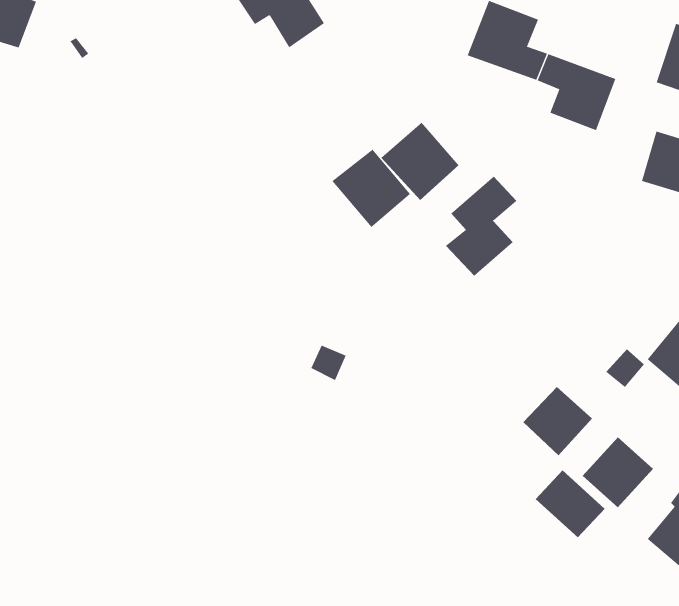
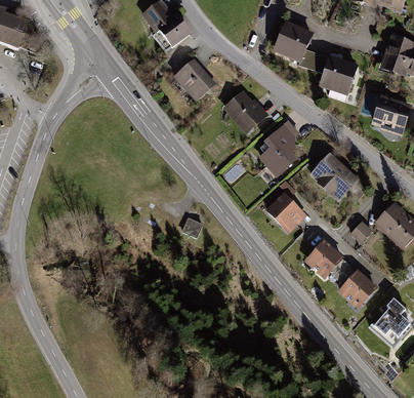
building: [332,149,411,228] -> [172,58,217,104]
building: none -> [308,151,360,201]
building: none -> [264,191,307,234]
building: [535,470,605,538] -> none

